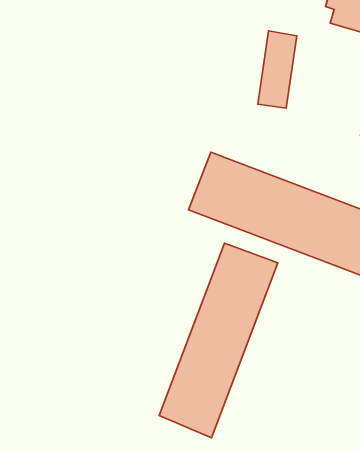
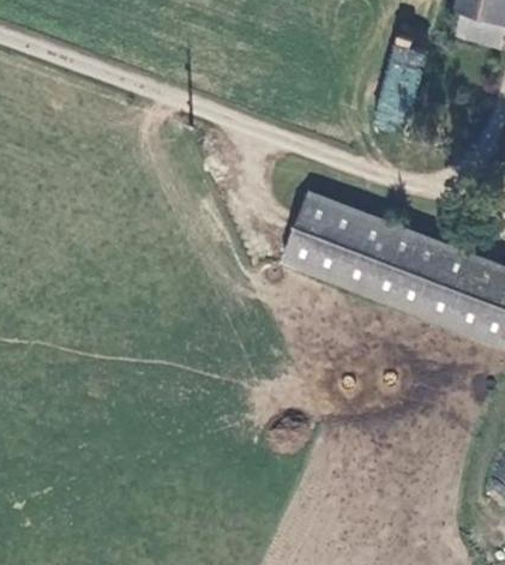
building: [159,243,278,438] -> none

